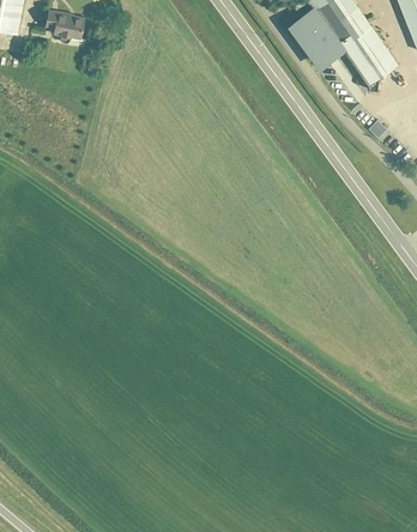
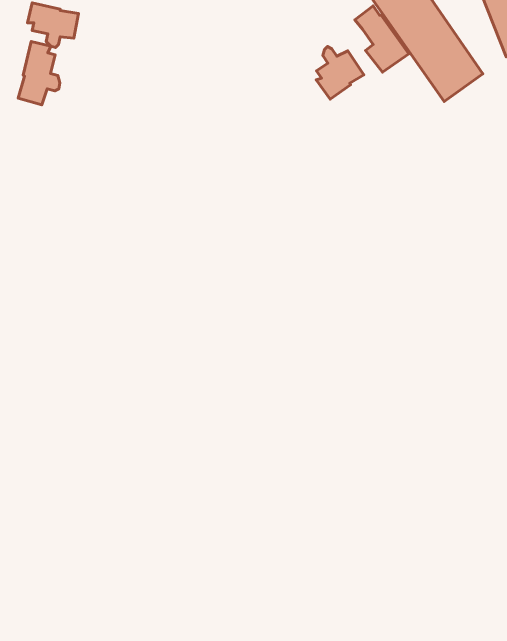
building: none -> [18,41,60,105]
building: none -> [316,47,364,99]

